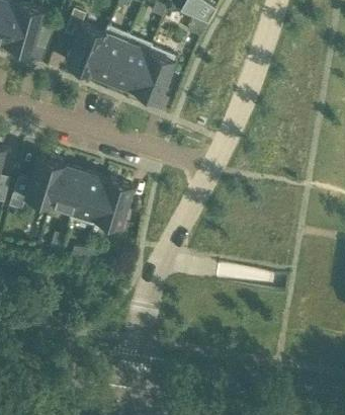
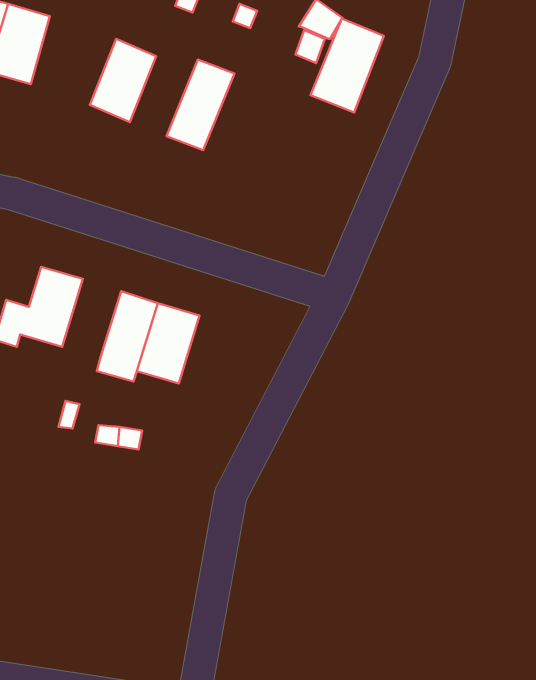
building: [90,29,130,83] -> none
building: [133,47,175,101] -> [311,19,384,113]
building: [51,166,85,212] -> none

